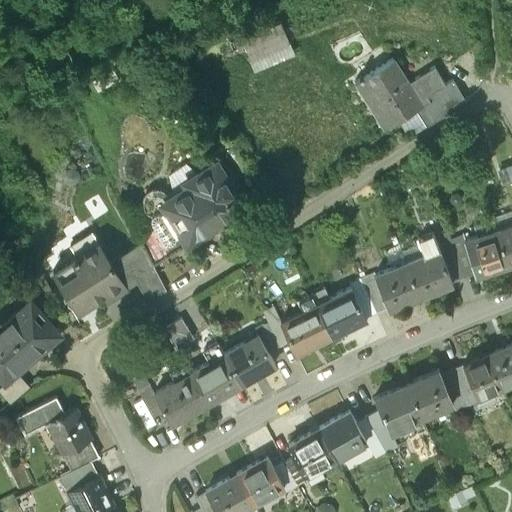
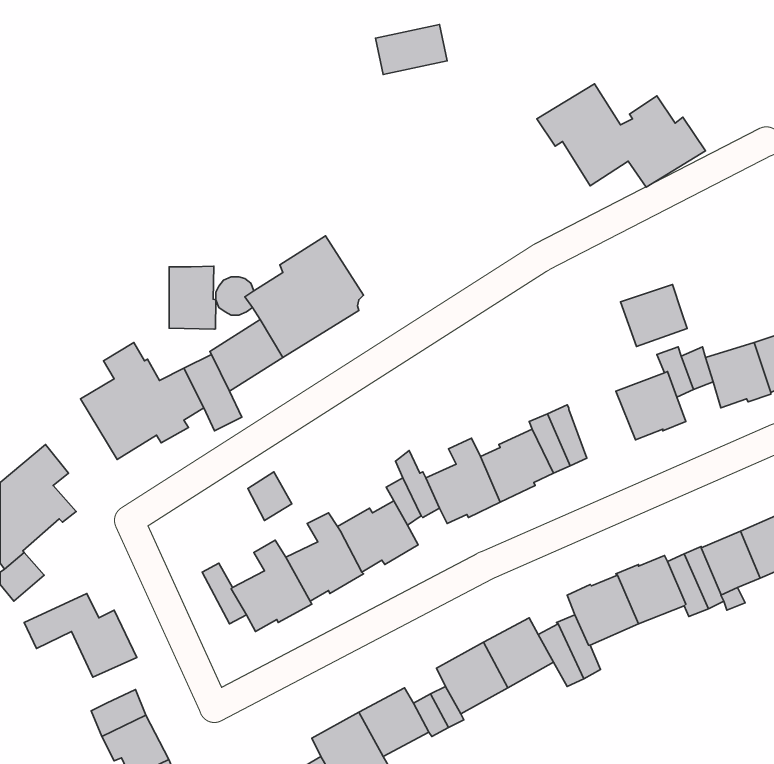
building: none -> [169,266,216,329]
building: none -> [621,285,687,346]
building: [376,266,421,310] -> none
building: [63,441,100,471] -> none

